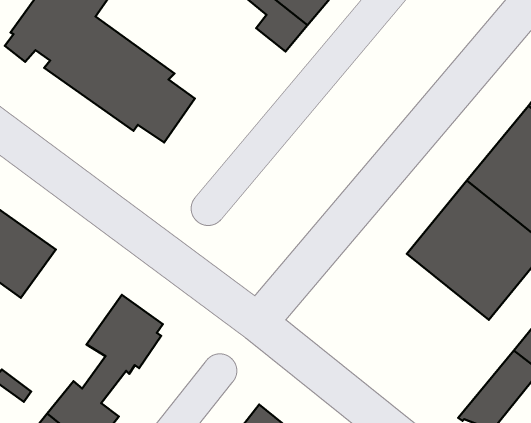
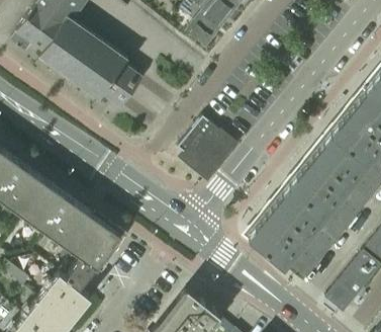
building: none -> [178,115,235,174]
building: none -> [22,180,92,246]
building: none -> [248,183,346,280]

